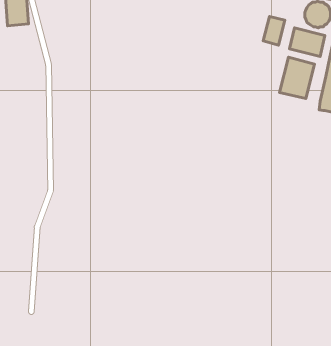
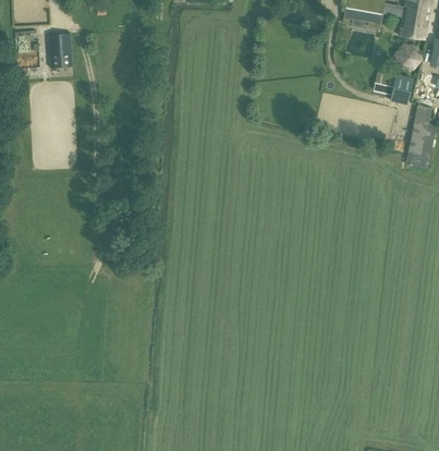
building: [263,17,285,45] -> none
building: [280,57,314,98] -> none

